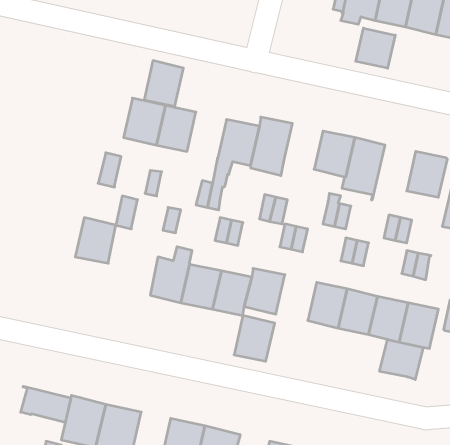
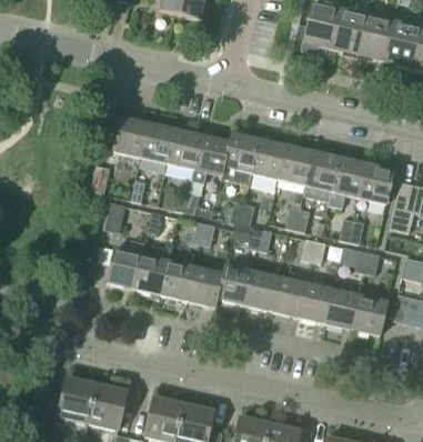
building: [356,28,395,68] -> none
building: [144,61,183,108] -> [168,129,202,170]
building: none -> [252,139,286,179]
building: none -> [330,158,367,208]
building: [75,218,116,263] -> [107,249,142,289]
building: [234,315,275,361] -> [245,271,281,311]
building: [380,339,423,380] -> none
building: [21,386,71,422] -> none

